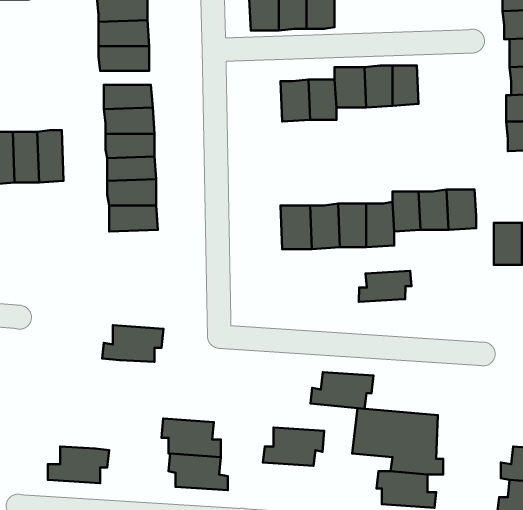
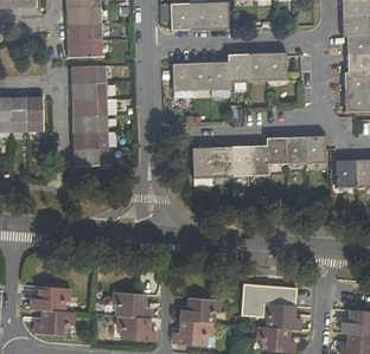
building: none -> [172,63,192,90]
building: [359,271,412,302] -> none
building: [102,325,163,362] -> [30,287,71,311]
building: [310,372,373,409] -> [171,321,213,346]

